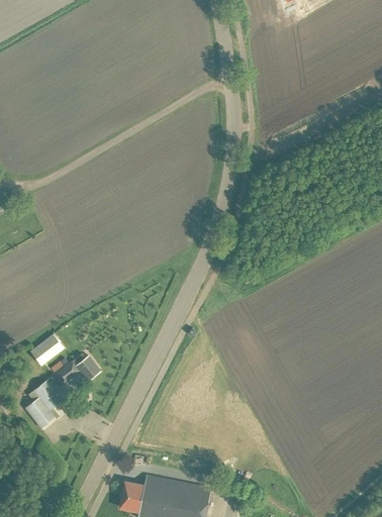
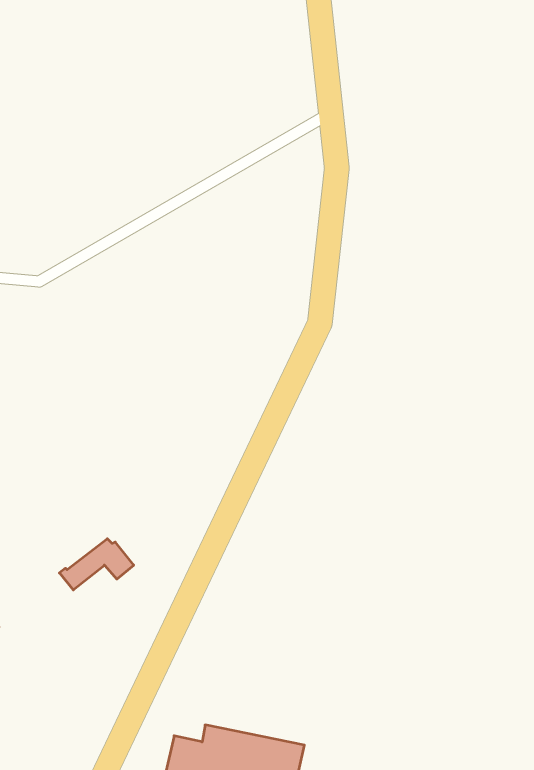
building: [30,335,64,367] -> none
building: [25,381,63,429] -> none

